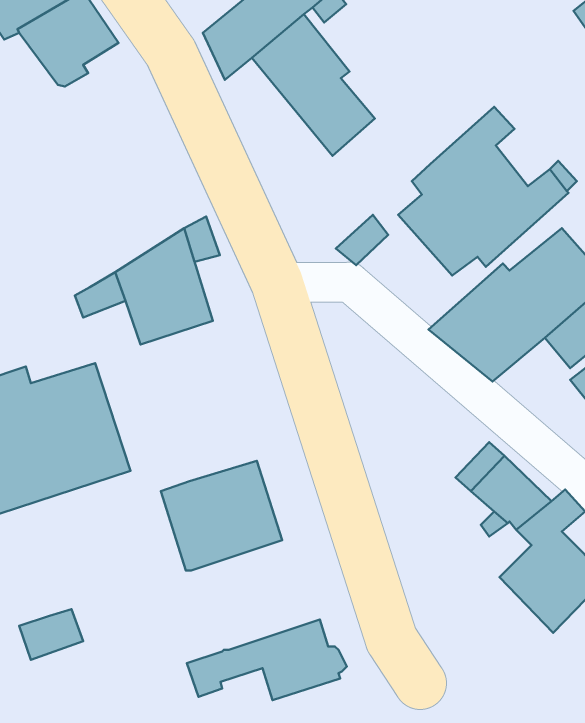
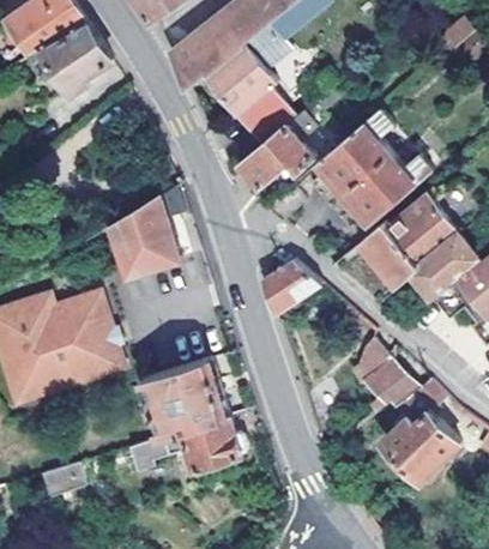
building: none -> [241,83,339,187]
building: none -> [264,260,321,316]
building: [187,619,347,700] -> [133,416,247,473]

